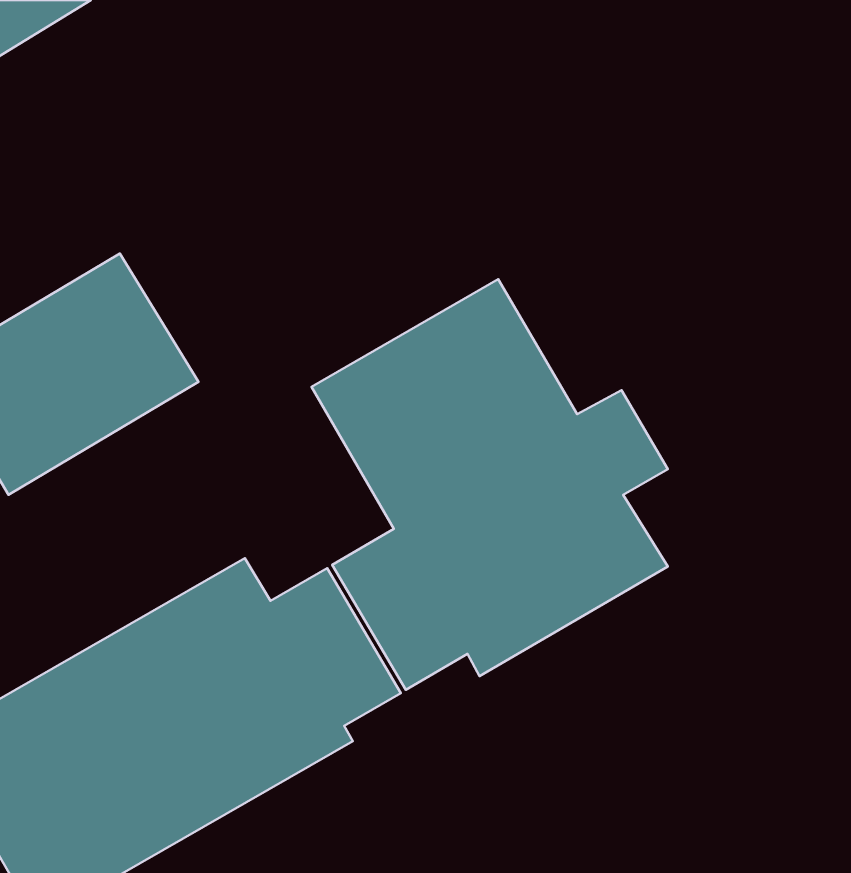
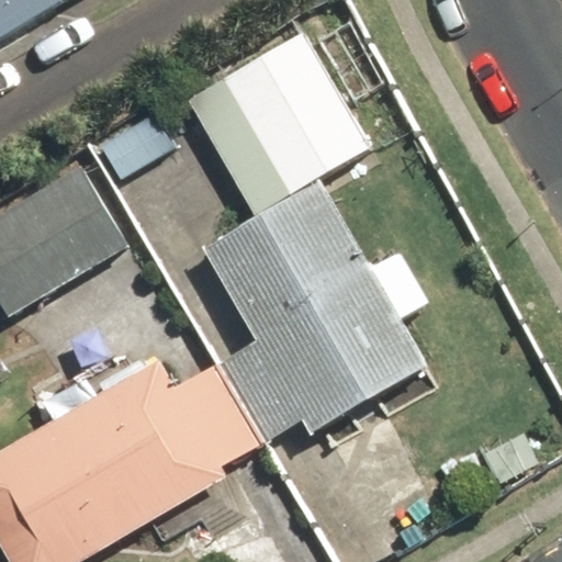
building: none -> [218,32,368,195]

